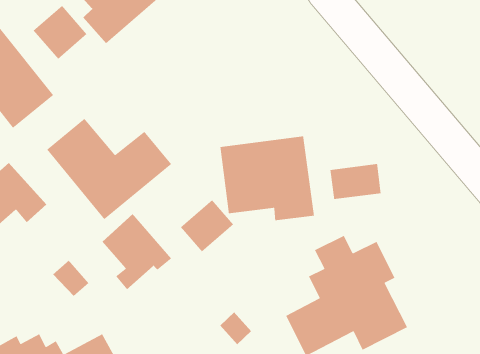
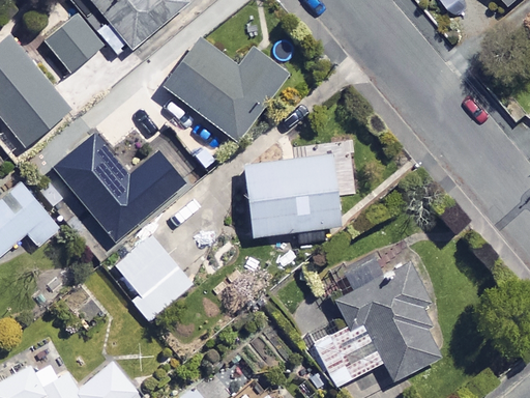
building: none -> [167,36,296,143]
building: [330,163,382,200] -> none
building: [180,199,234,252] -> none

